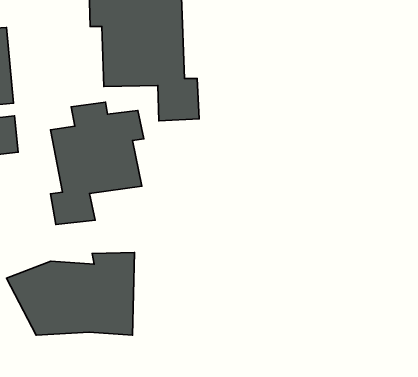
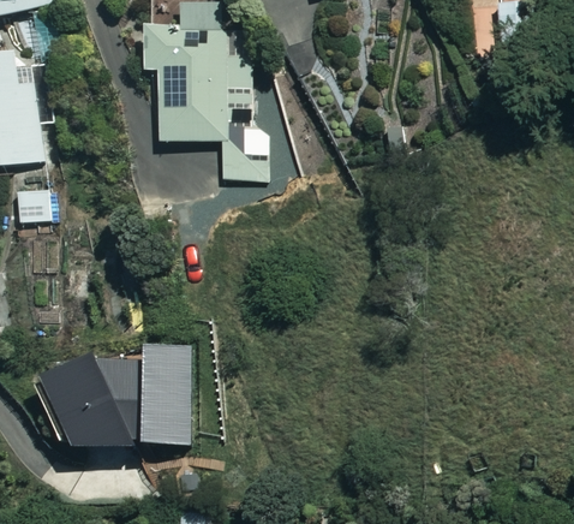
building: [50,102,144,225] -> none

